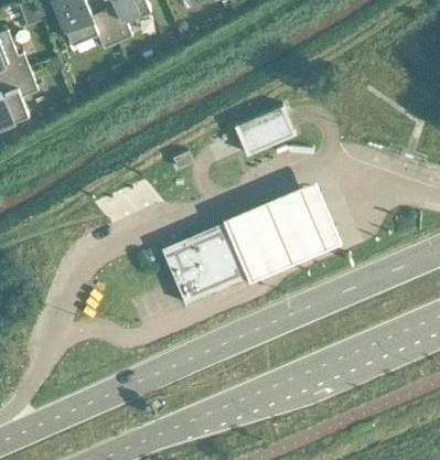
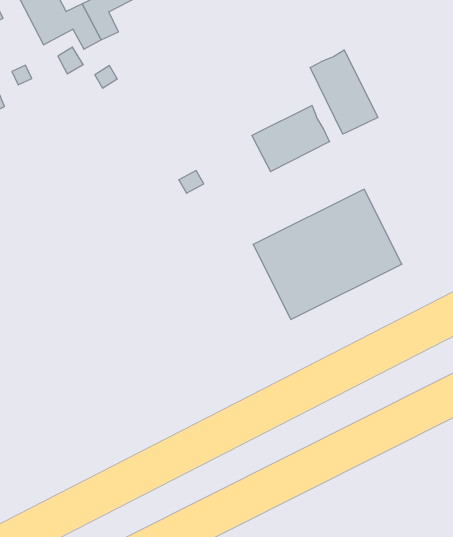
building: none -> [310,50,378,134]
building: [160,220,250,309] -> none

